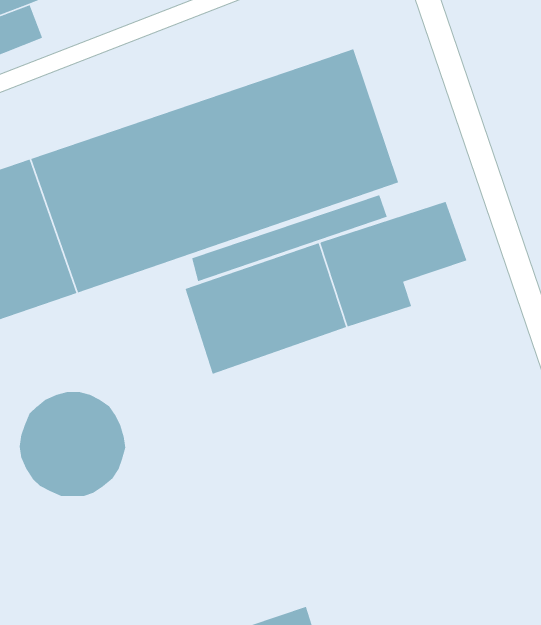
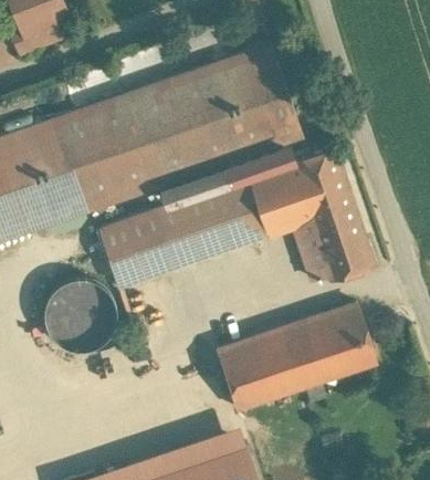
building: none -> [301,190,374,280]
building: none -> [99,209,175,288]
building: none -> [216,303,375,410]

